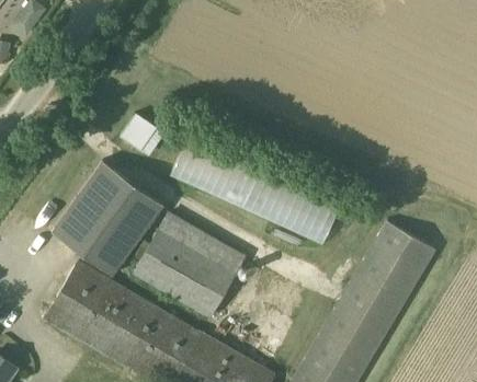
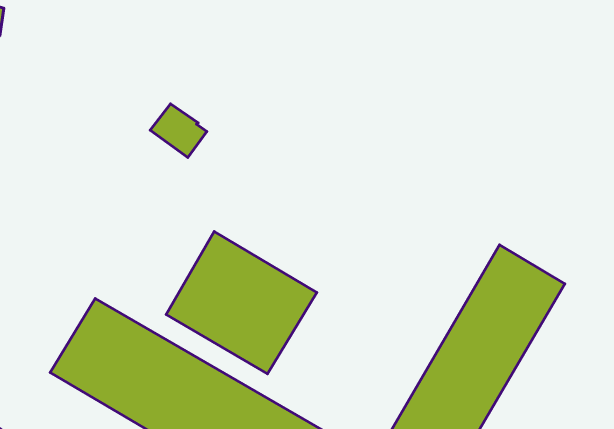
building: [166,138,339,241] -> none
building: [52,161,163,275] -> none

